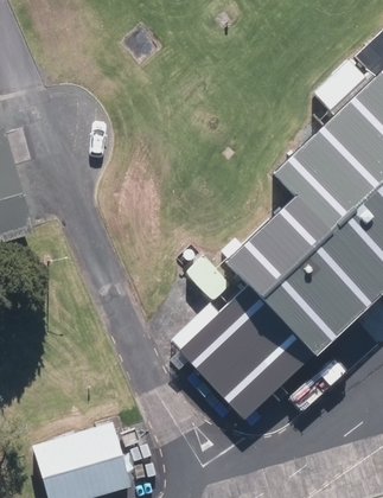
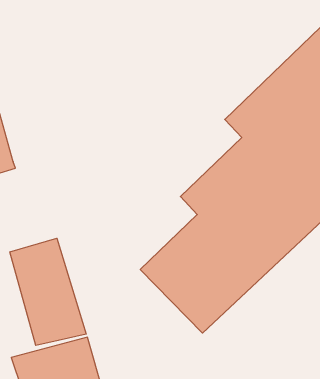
building: none -> [10,238,86,345]

